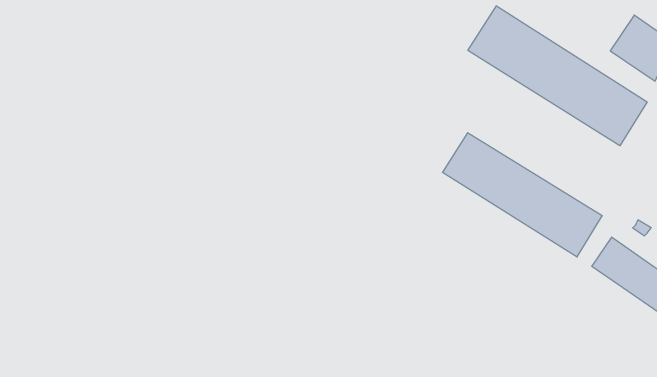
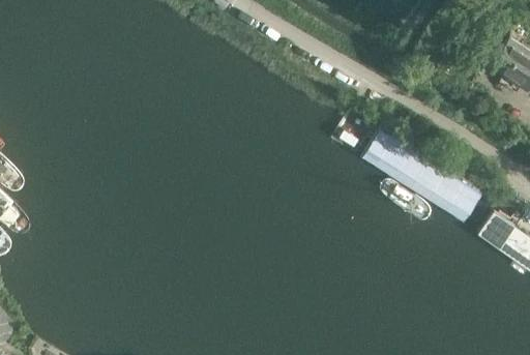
building: [468,6,647,146] -> none

